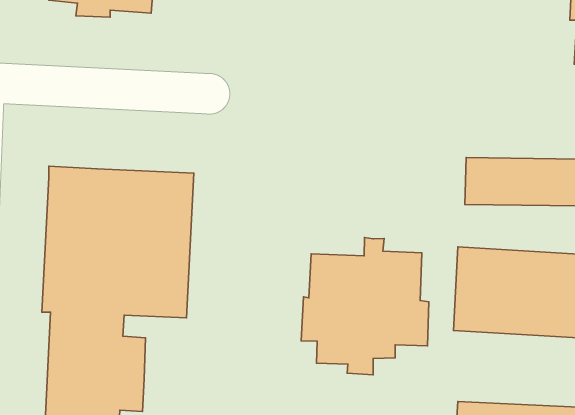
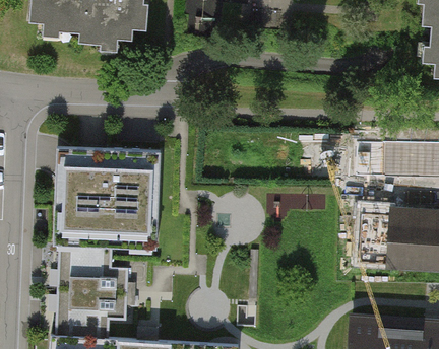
building: [301,237,429,375] -> none

